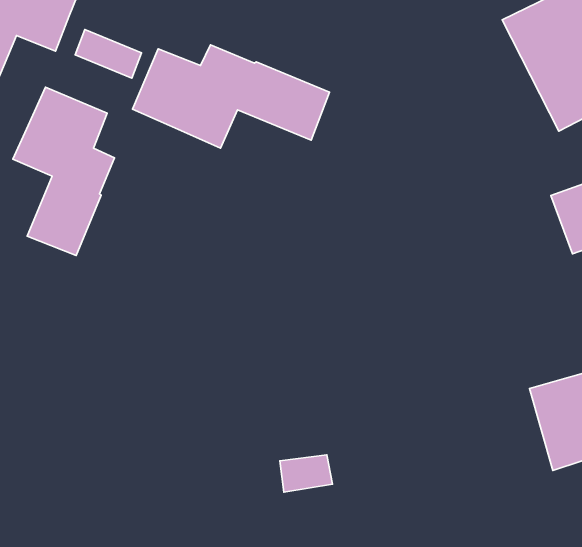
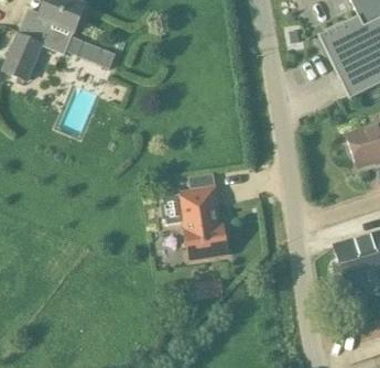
building: [133,45,329,148] -> none
building: [13,87,114,255] -> none
building: none -> [167,173,228,260]

